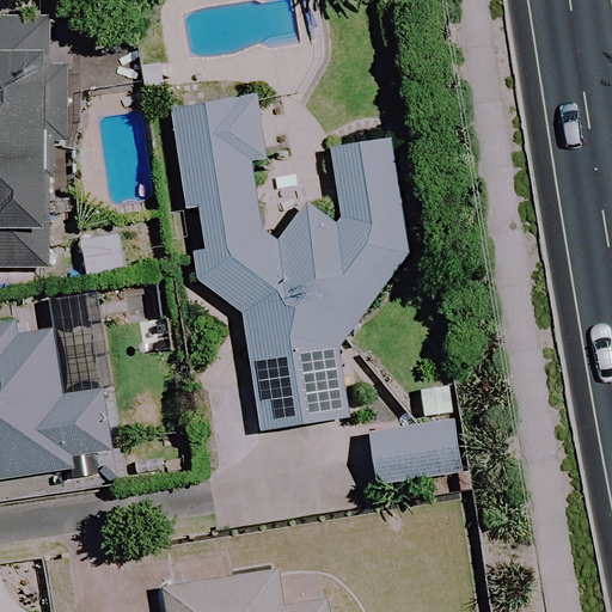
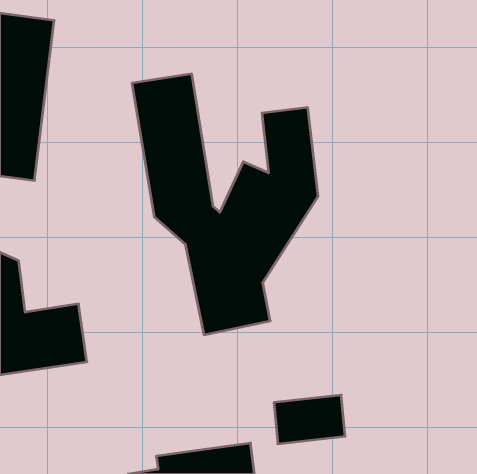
building: [372,421,463,483] -> [274,395,345,444]

